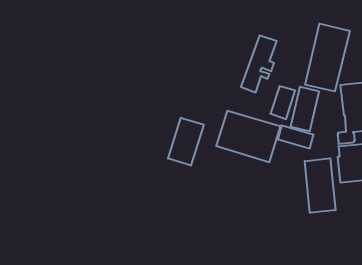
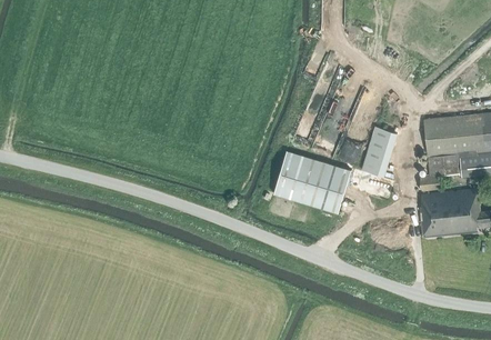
building: [305,24,350,91] -> none
building: [168,118,204,166] -> none
building: [305,158,336,213] -> none

